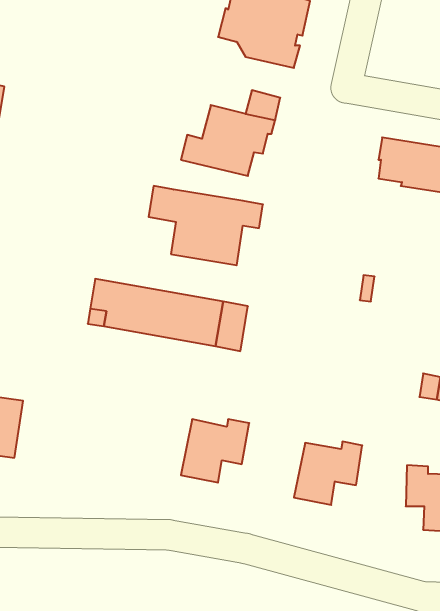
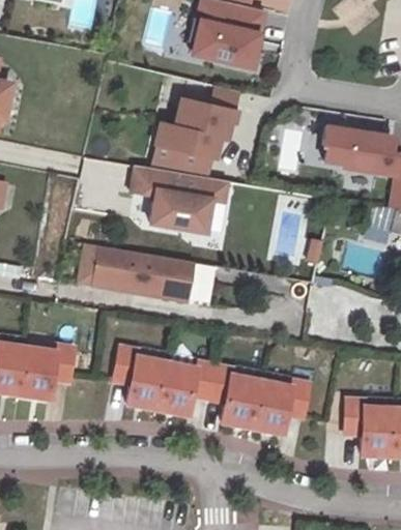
building: none -> [151,145,213,179]
building: none -> [19,345,75,398]
building: none -> [114,346,167,408]
building: none -> [208,364,261,426]

